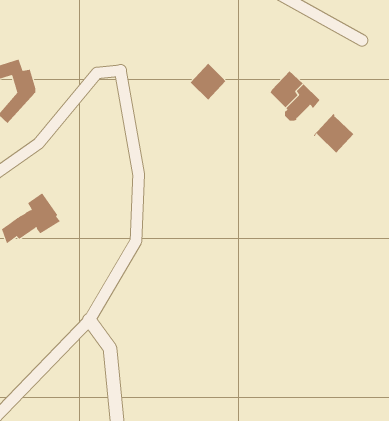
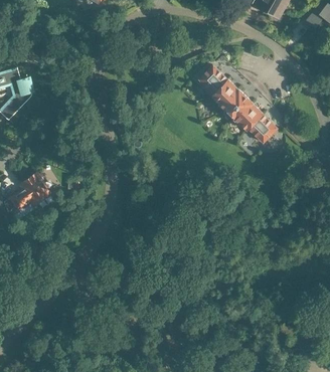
building: [190,63,226,101] -> [199,64,227,94]
building: none -> [233,102,262,129]

